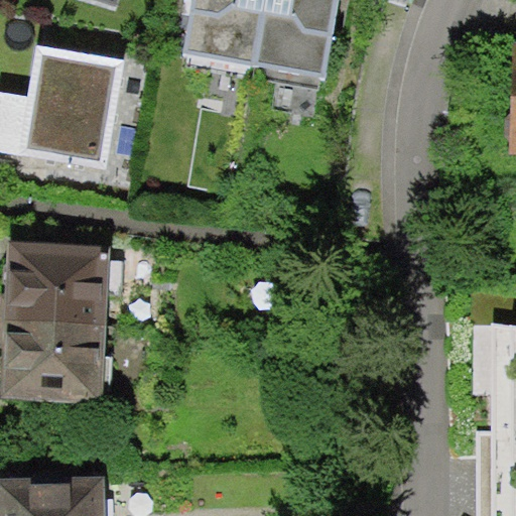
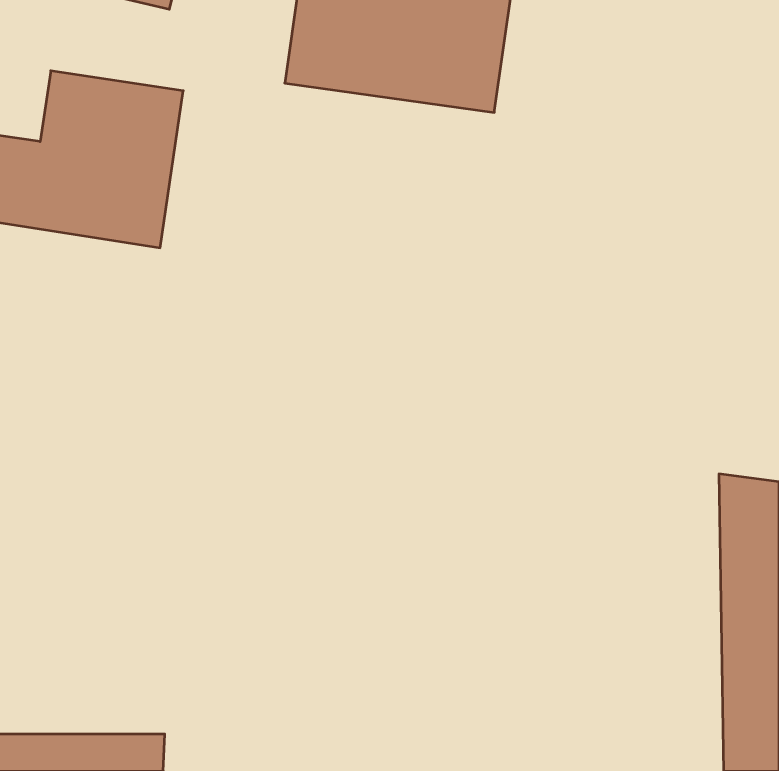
building: [5,245,108,402] -> none

